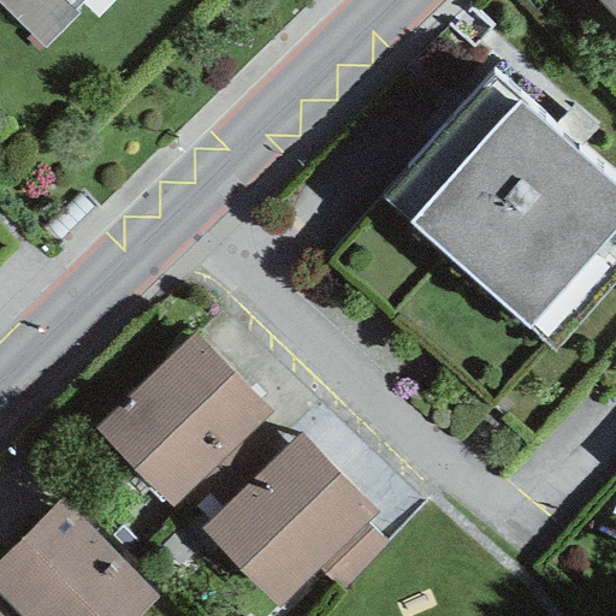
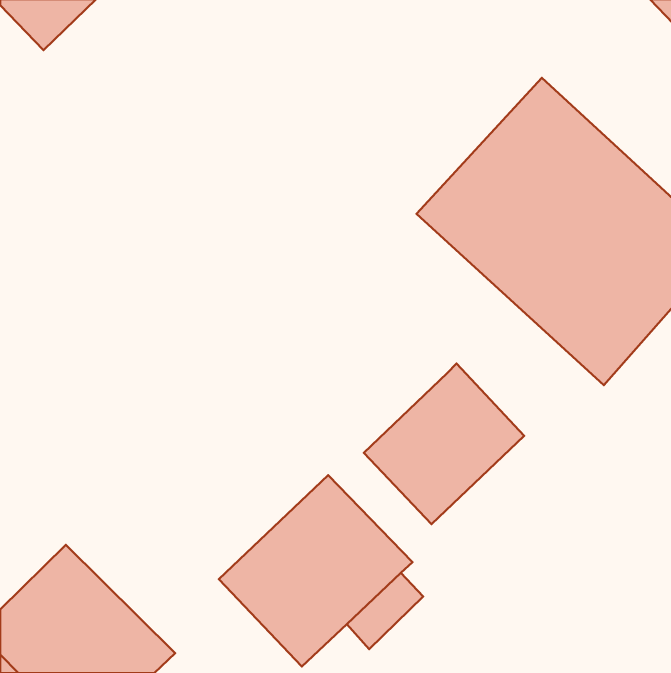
building: none -> [364,364,524,524]
building: [94,332,276,511] -> none

